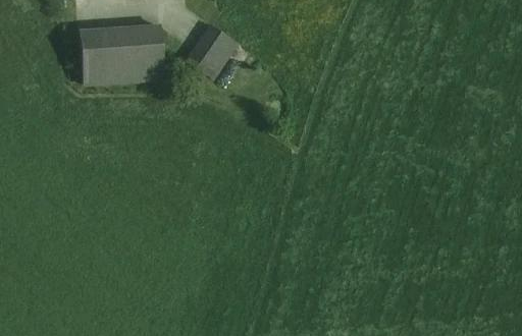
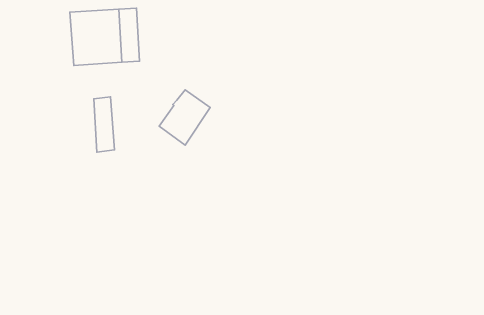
building: [189,25,239,79] -> [159,90,210,145]
building: [81,31,101,85] -> [94,97,115,152]

